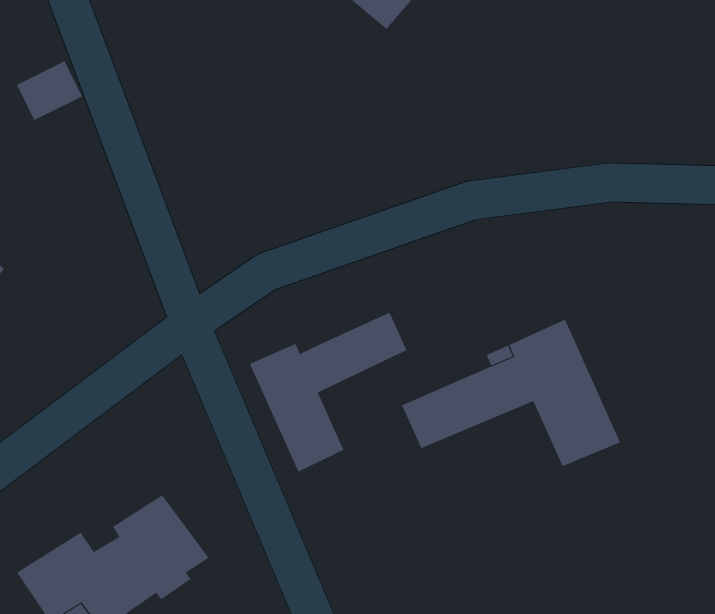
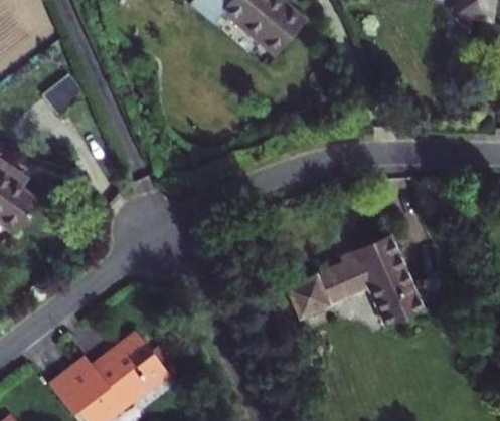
building: [249,312,407,473] -> none

